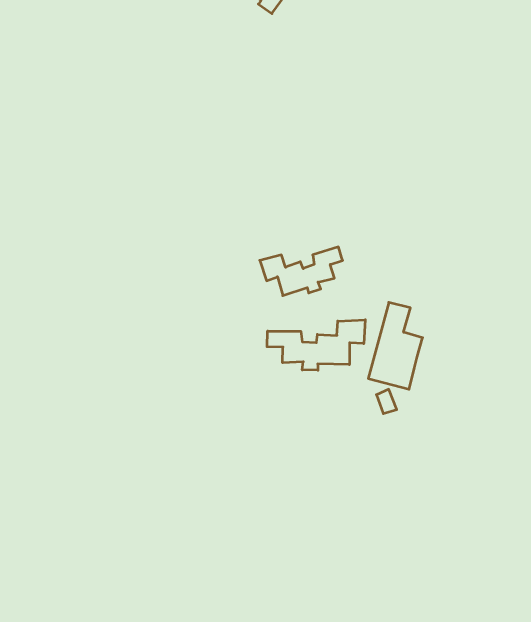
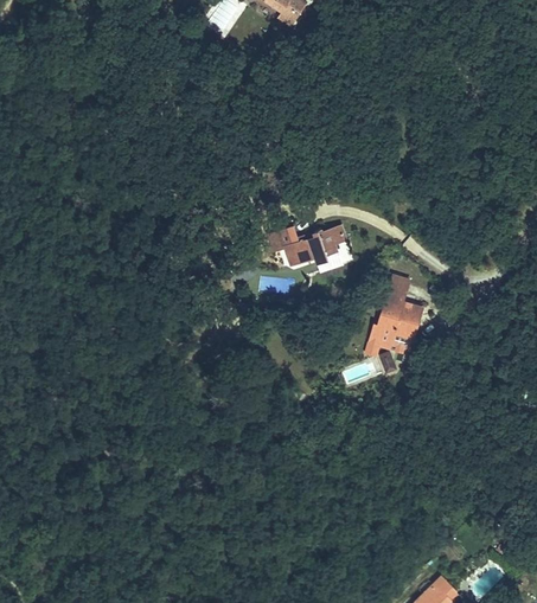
building: [267,320,365,370] -> none

